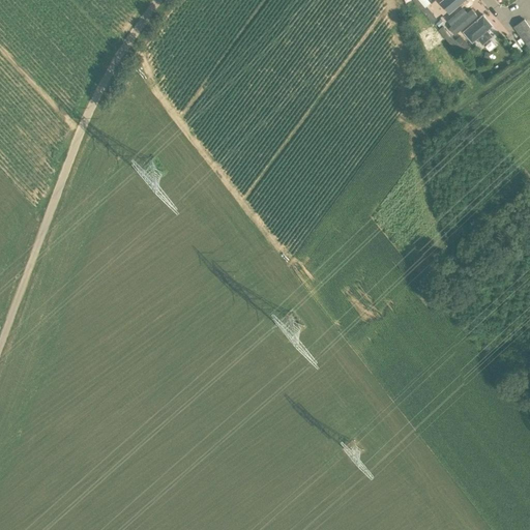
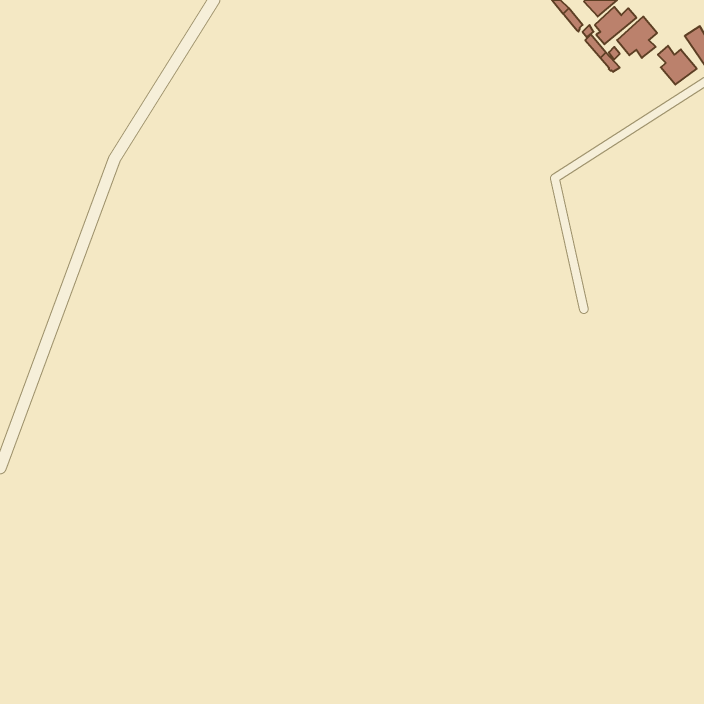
building: none -> [658,46,697,85]

